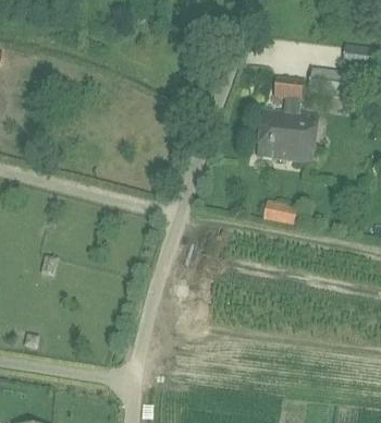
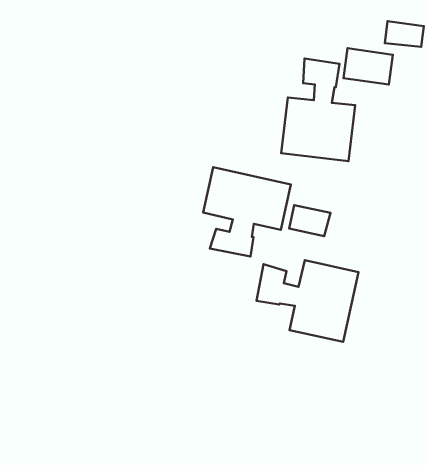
building: none -> [203,167,291,257]
building: none -> [256,260,359,342]

